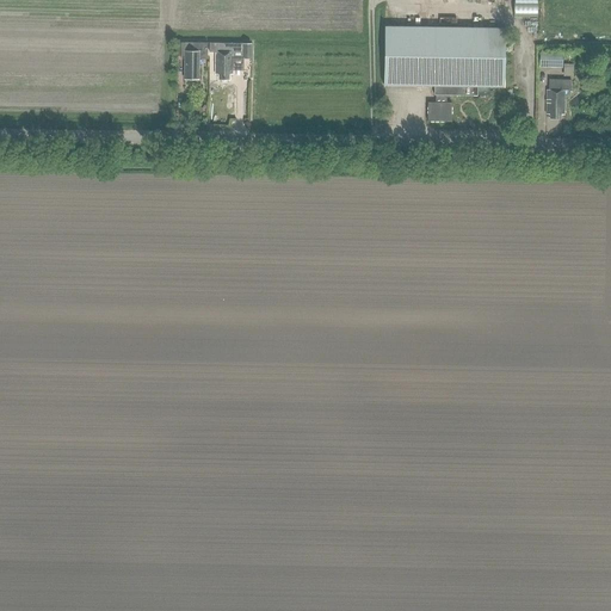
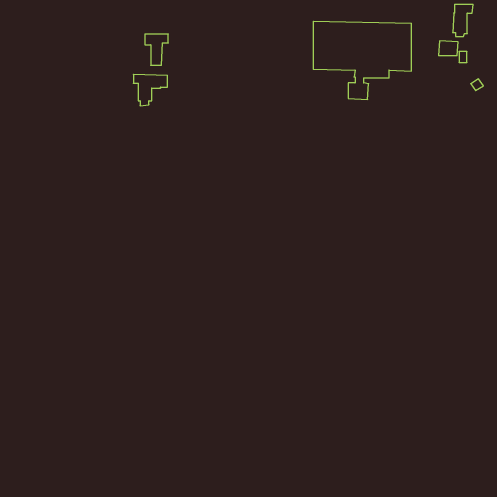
building: [210,42,252,80] -> [133,74,167,106]
building: [547,79,572,118] -> [453,4,473,36]

